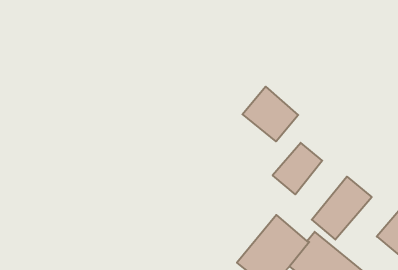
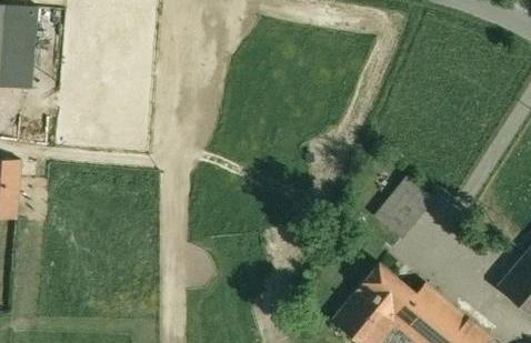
building: [242,87,298,141] -> none
building: [312,177,372,240] -> none

